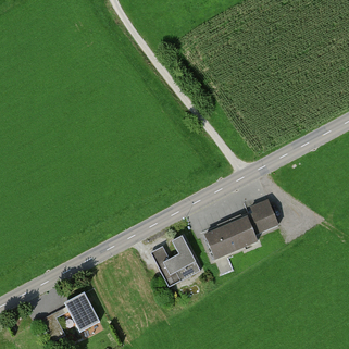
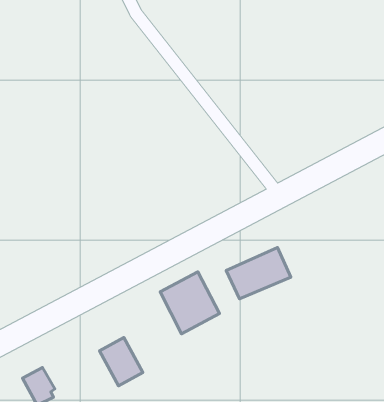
building: [250,201,277,233] -> none
building: [66,292,101,332] -> [100,337,143,386]

